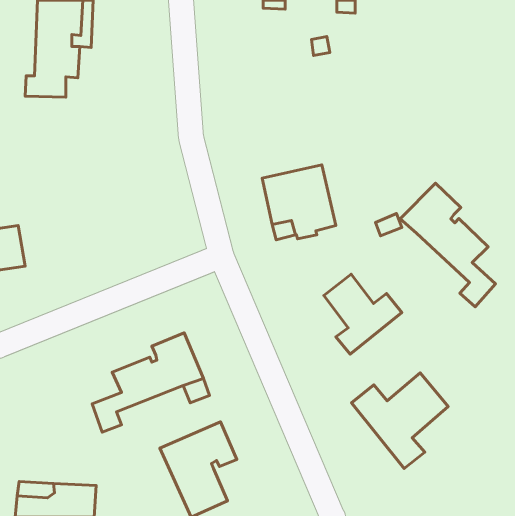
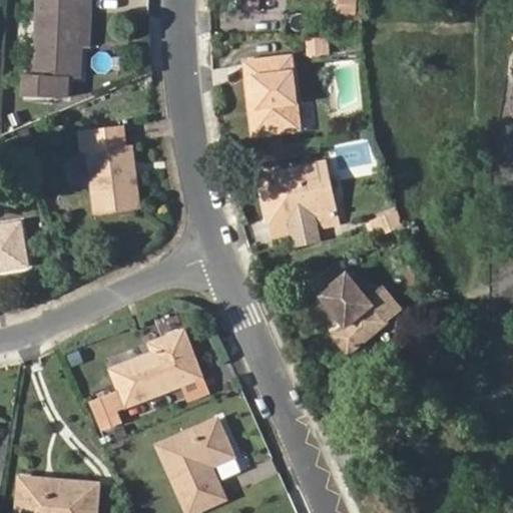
building: none -> [245,57,297,133]
building: none -> [79,124,139,212]
building: [400,183,495,307] -> none
building: [352,373,448,468] -> none

